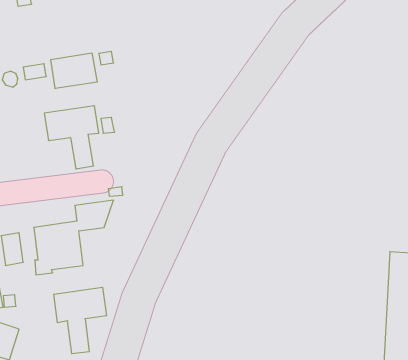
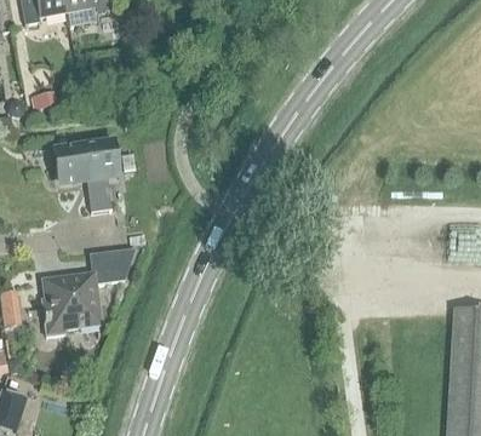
building: [51,53,97,89] -> none
building: [54,287,106,354] -> none

